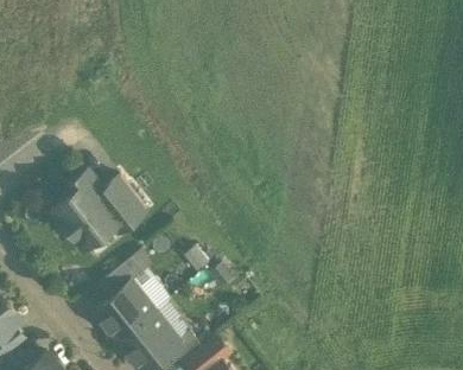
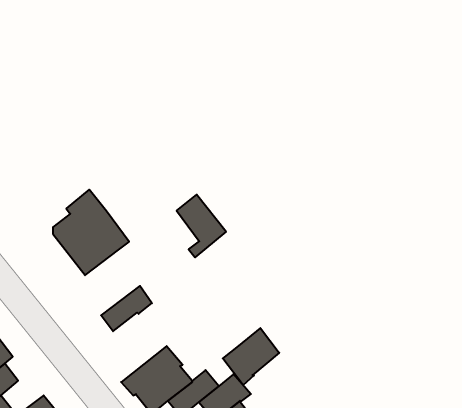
building: [103,177,147,232] -> [177,195,226,257]
building: [95,281,157,343] -> none
building: none -> [223,328,279,385]

